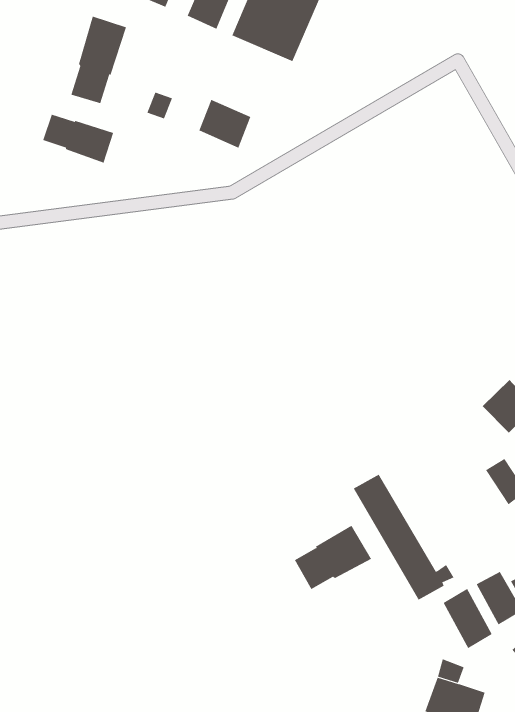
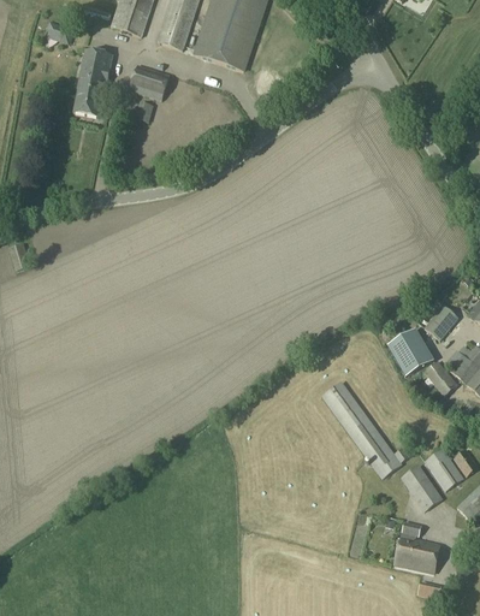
building: [199,99,251,148] -> [130,64,170,100]
building: [43,114,114,163] -> none
building: none -> [386,328,433,378]
building: [294,525,372,590] -> none

